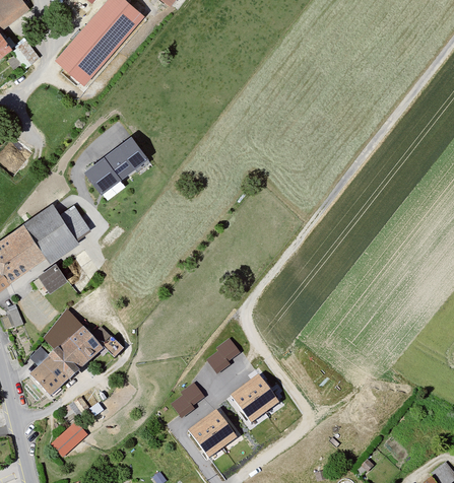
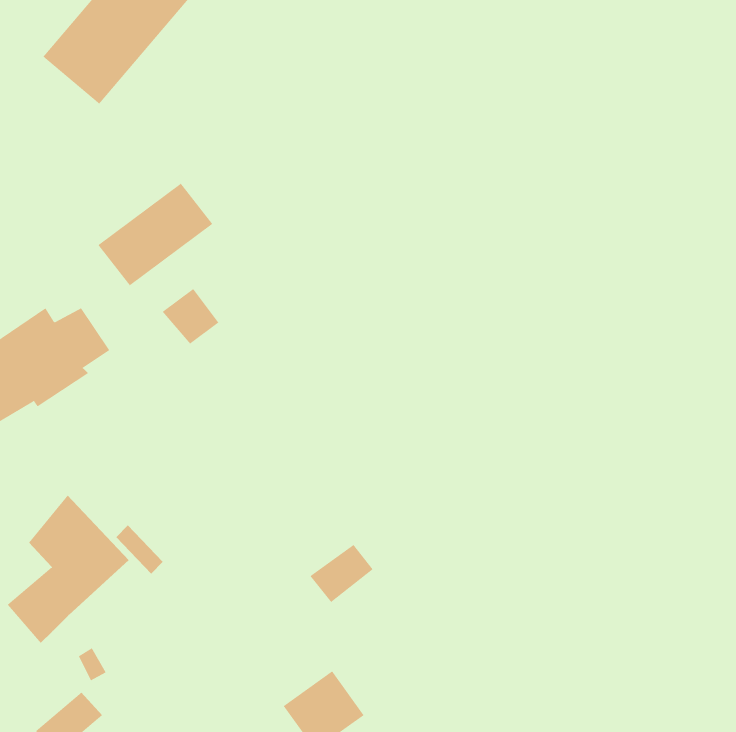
building: none -> [162,288,219,344]
building: [35,266,63,293] -> none
building: [233,375,279,421] -> none
building: [171,383,206,415] -> none

